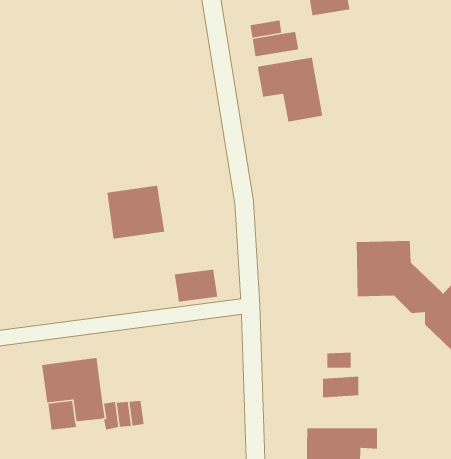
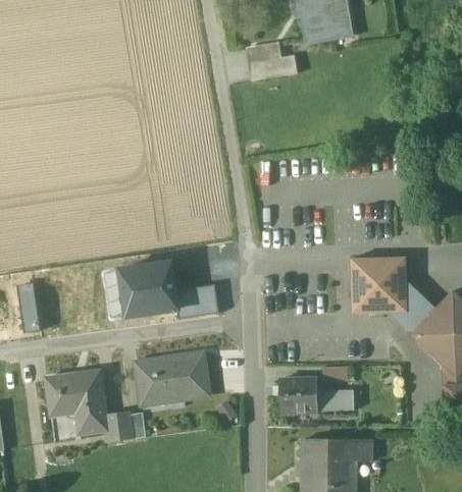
building: [257,57,323,122] -> none
building: [106,185,165,240] -> [120,263,177,316]
building: none -> [16,283,39,333]
building: none -> [137,359,209,399]
building: none -> [281,378,318,412]

